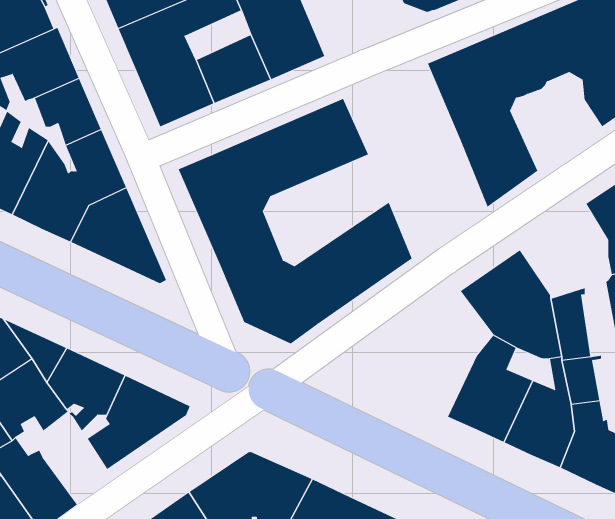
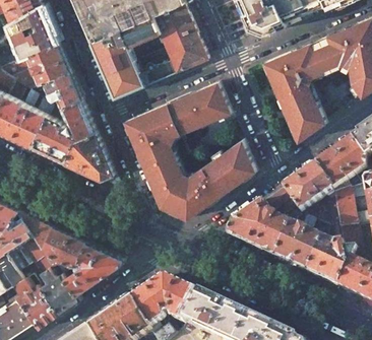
building: none -> [314,139,363,192]
building: none -> [227,188,299,258]
building: none -> [38,255,87,307]

